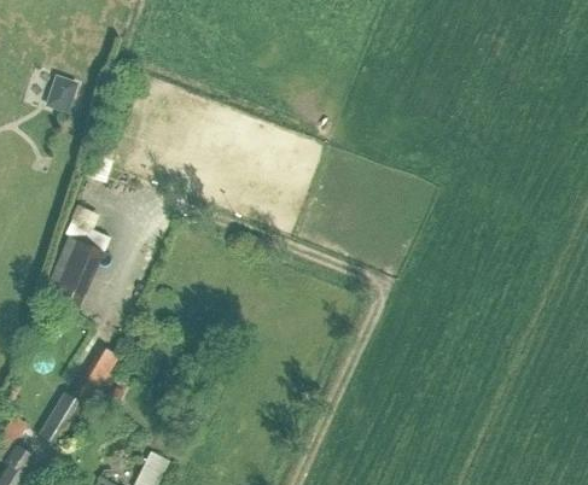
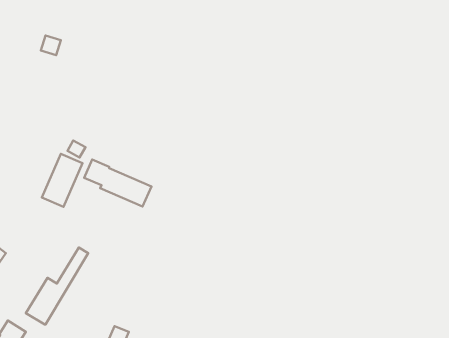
building: none -> [84,160,151,207]

